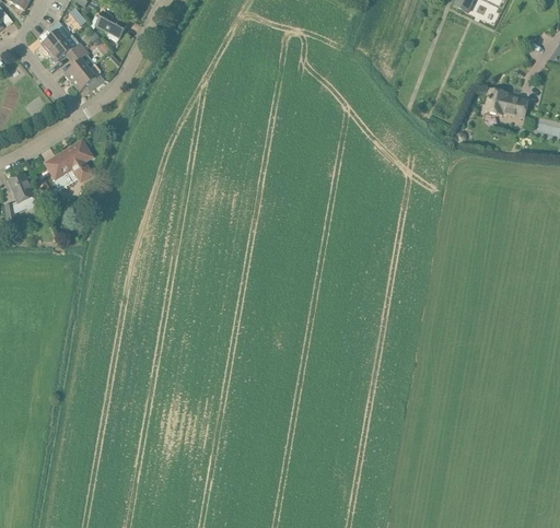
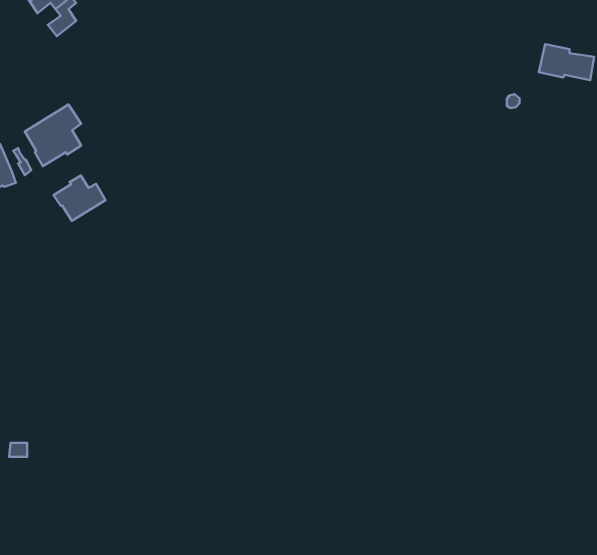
building: [71,62,104,91] -> none
building: none -> [53,176,105,221]

